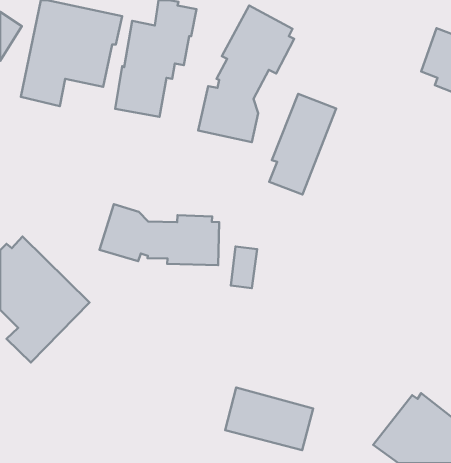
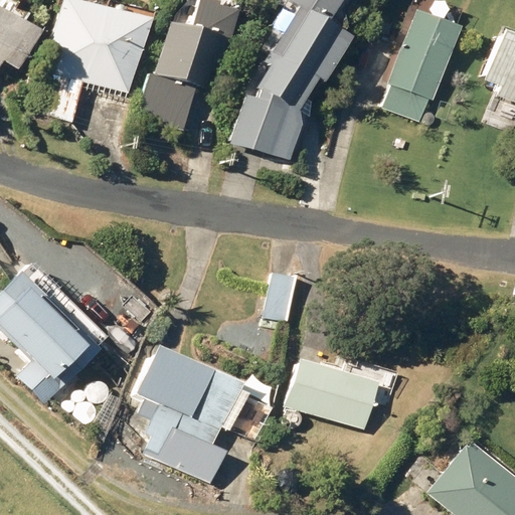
building: [269,94,336,195] -> [387,10,462,122]
building: [100,204,219,265] -> none
building: none -> [135,348,244,483]
building: [225,388,313,450] -> [285,359,382,428]

